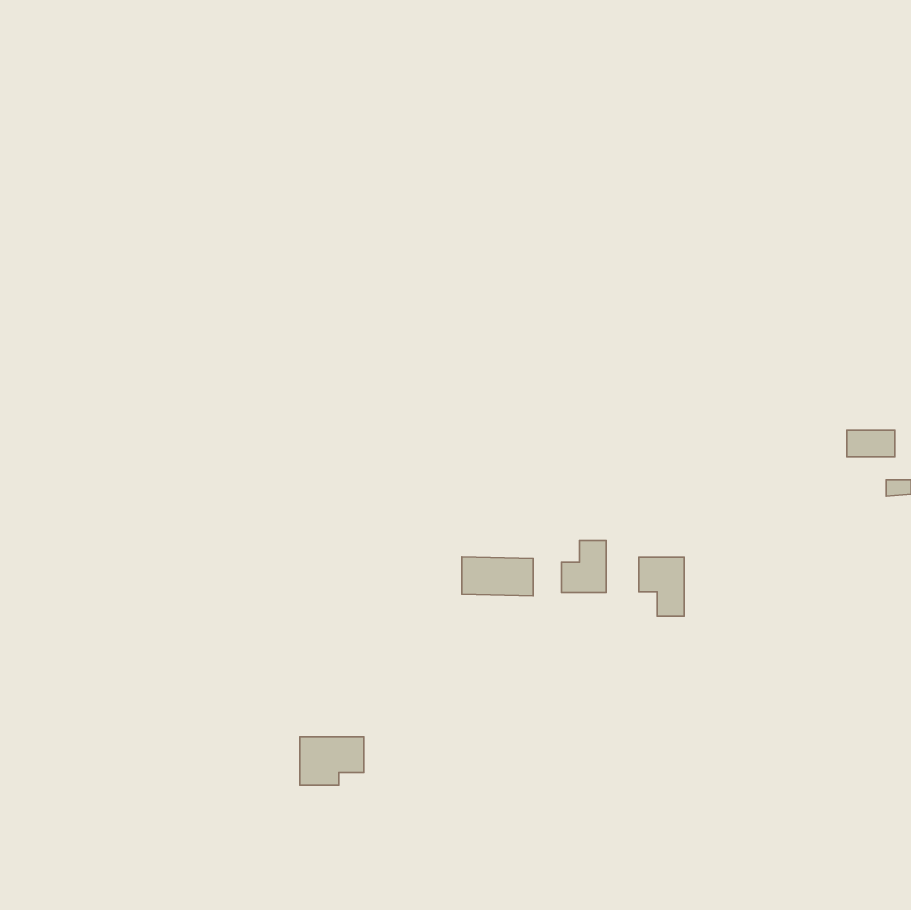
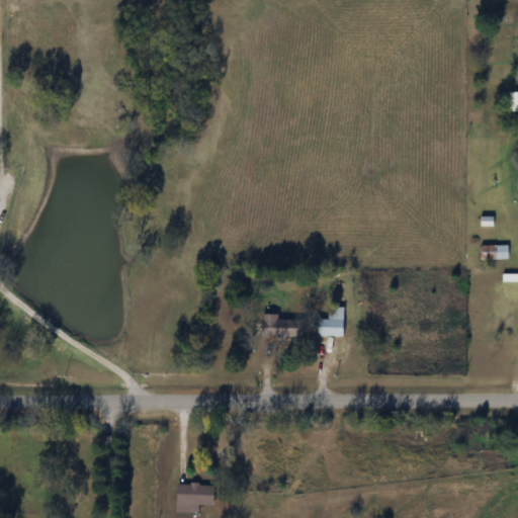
building: [639,557,684,616] -> none
building: [300,737,364,785] -> [177,484,213,511]

